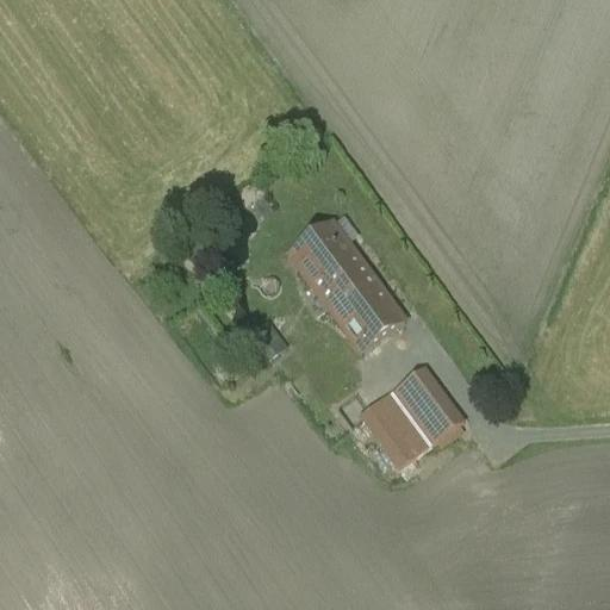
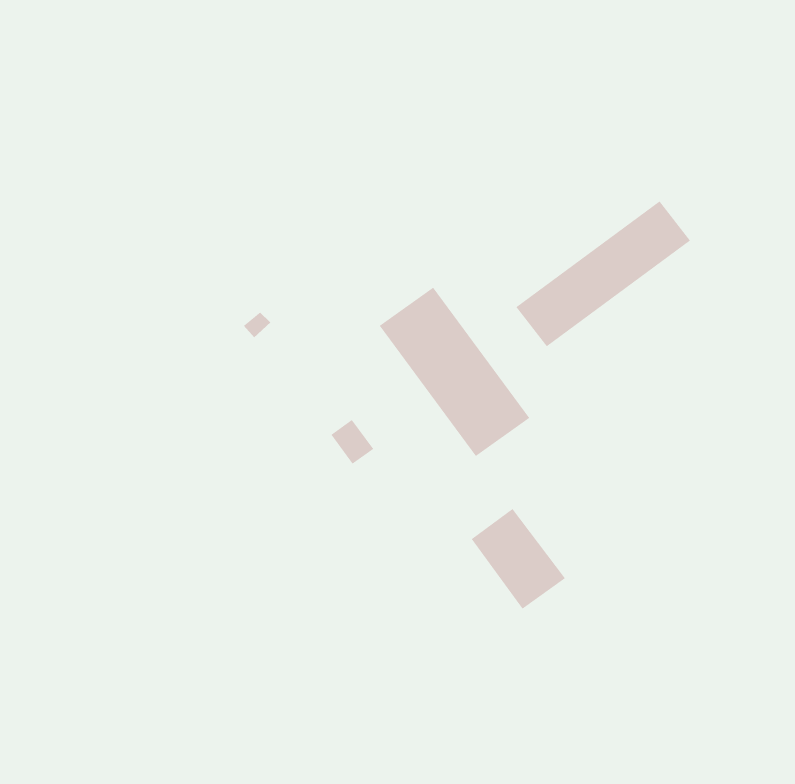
building: none -> [515,200,691,347]
building: [393,365,465,442] -> none

